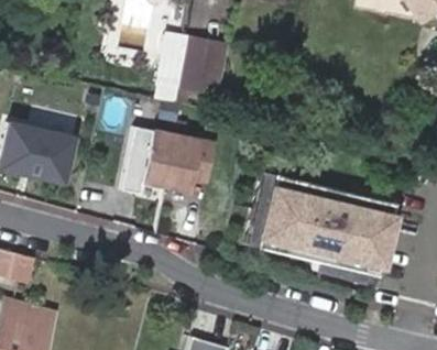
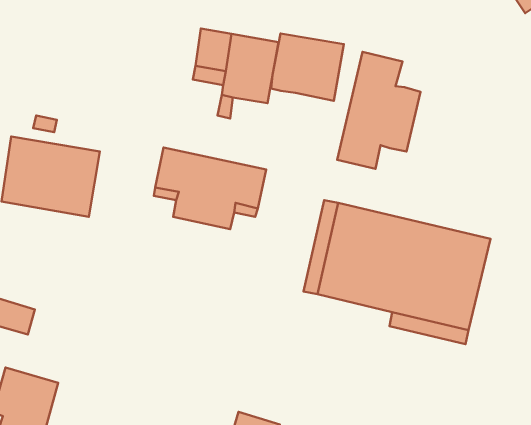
building: none -> [271,33,344,101]
building: none -> [337,52,421,169]

